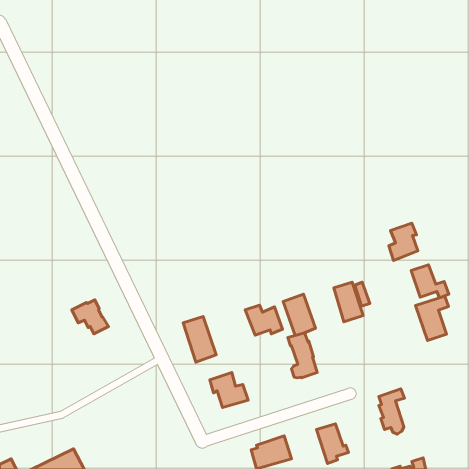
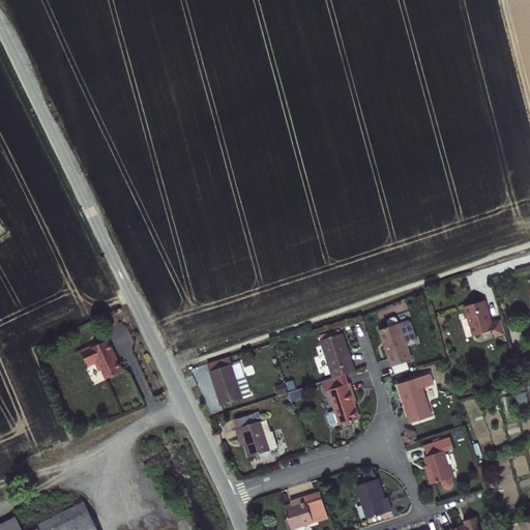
building: [389,223,418,260] -> none
building: [415,296,449,340] -> [392,370,430,419]
building: [245,305,282,335] -> none

